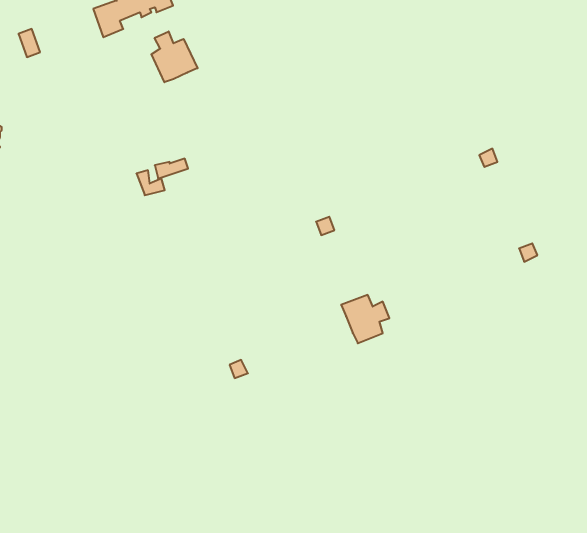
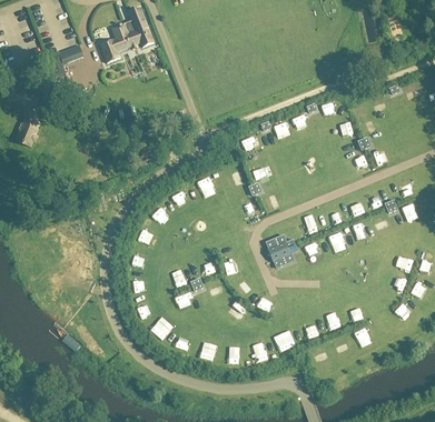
building: [151,31,198,82] -> none

